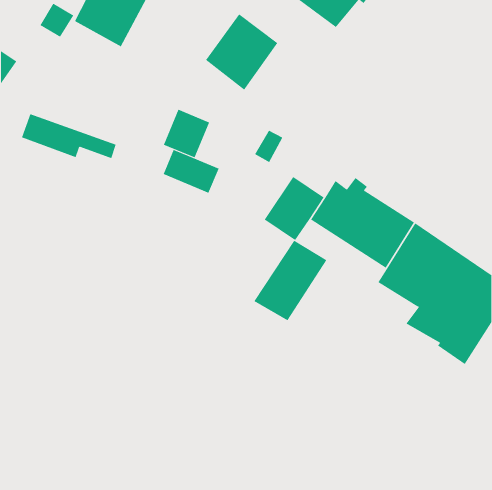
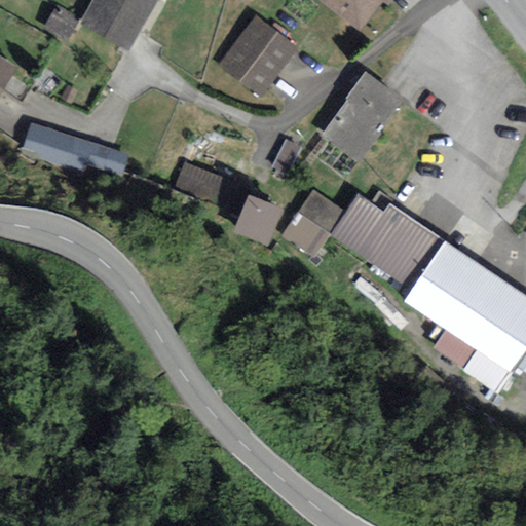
building: none -> [322,78,400,162]
building: [163,109,210,158] -> none
building: none -> [232,194,280,245]
building: [254,240,327,321] -> none

